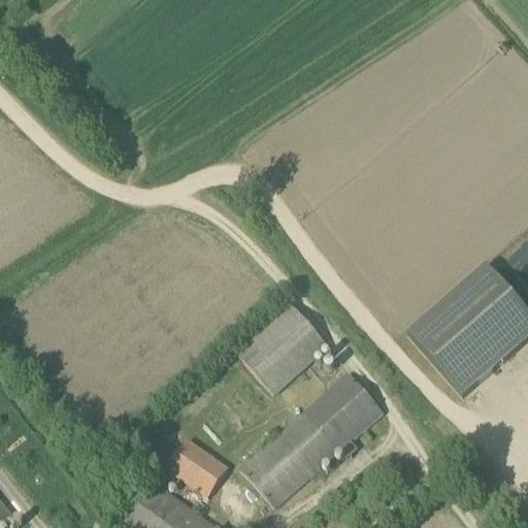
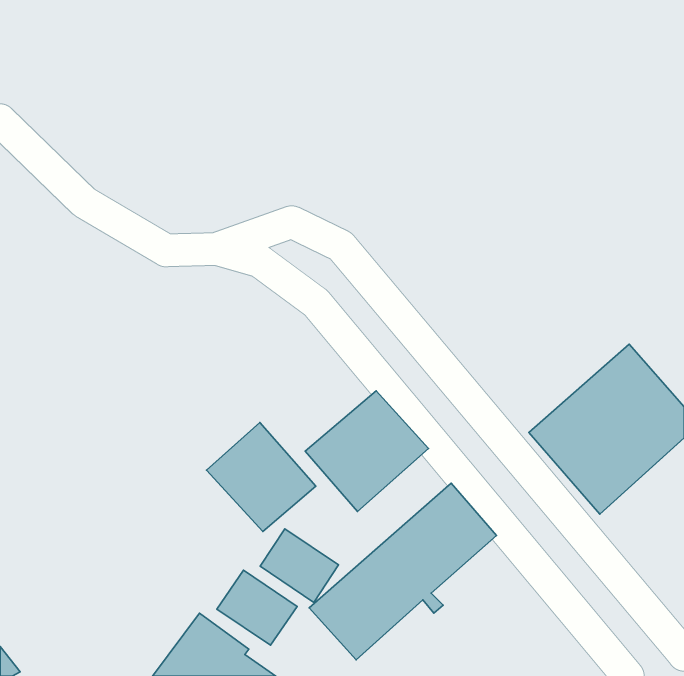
building: none -> [206,422,316,532]
building: none -> [260,529,339,602]

